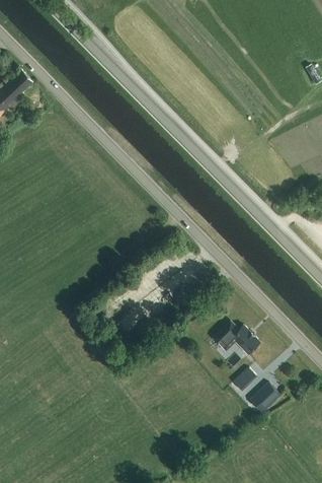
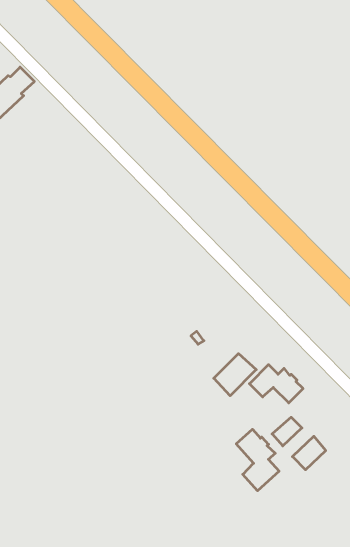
building: none -> [214,354,256,396]
building: none -> [236,429,279,491]

